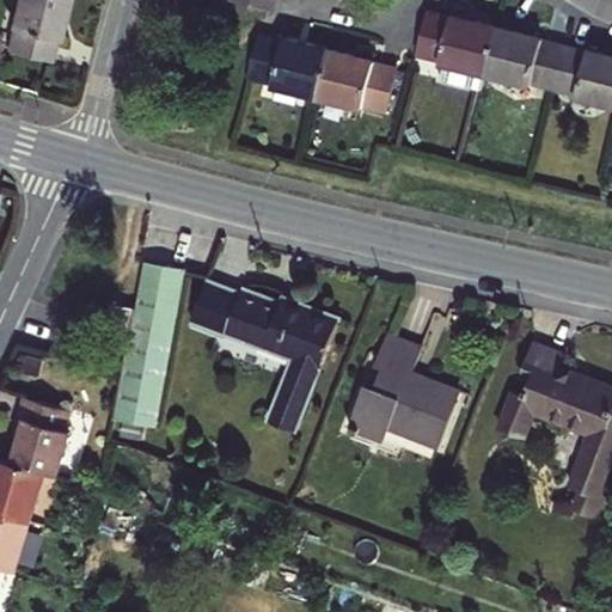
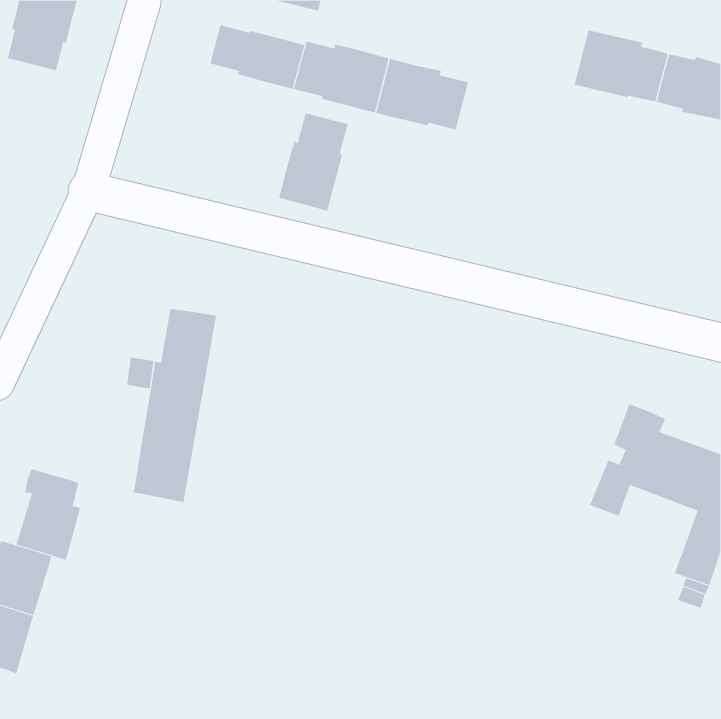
building: [415,14,496,92] -> none
building: none -> [210,24,305,90]
building: none -> [278,113,348,211]
building: [190,281,338,432] -> none
building: [347,333,460,448] -> none

